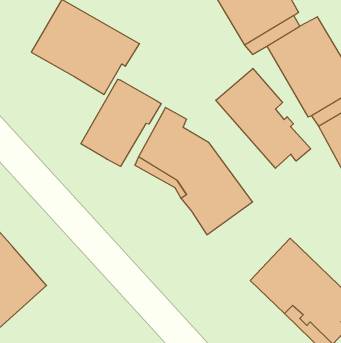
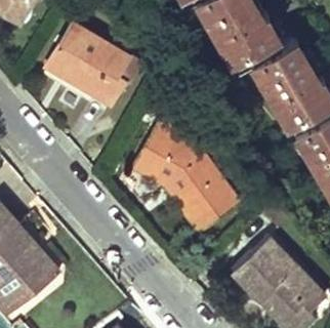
building: [216,68,311,168] -> none
building: [81,79,161,166] -> none

